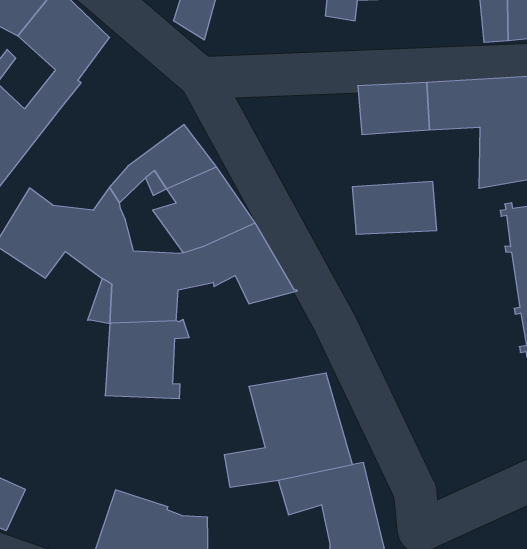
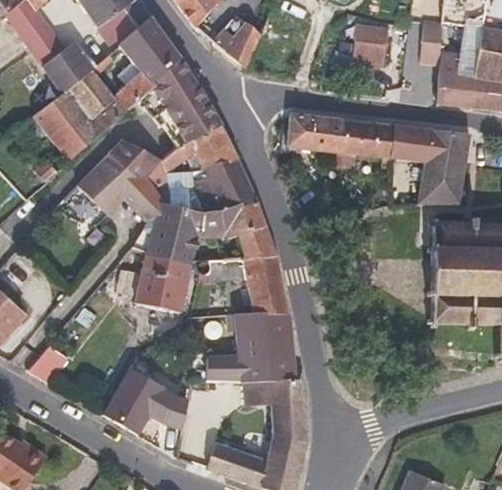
building: none -> [138,56,221,147]
building: none -> [107,138,162,173]
building: [352,182,437,234] -> [286,113,345,153]
building: none -> [197,253,289,313]

